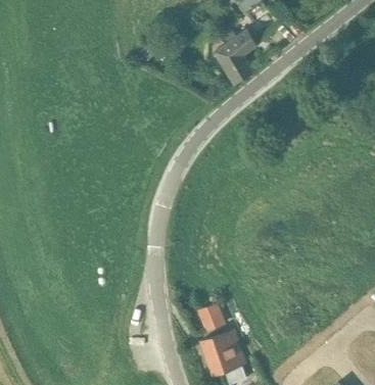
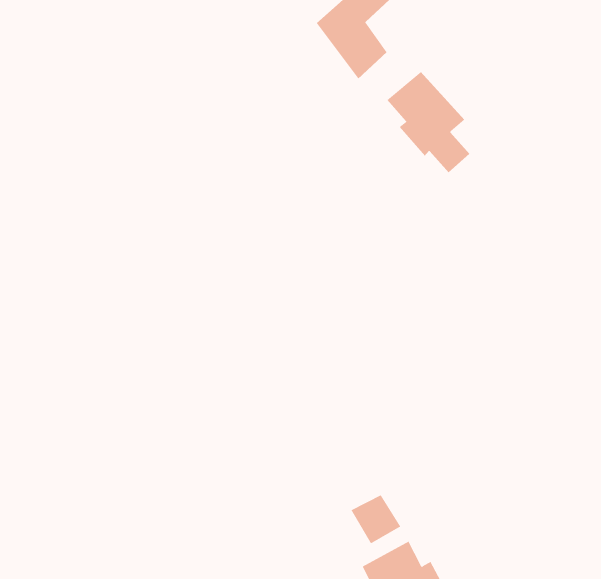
building: none -> [386,71,470,173]

